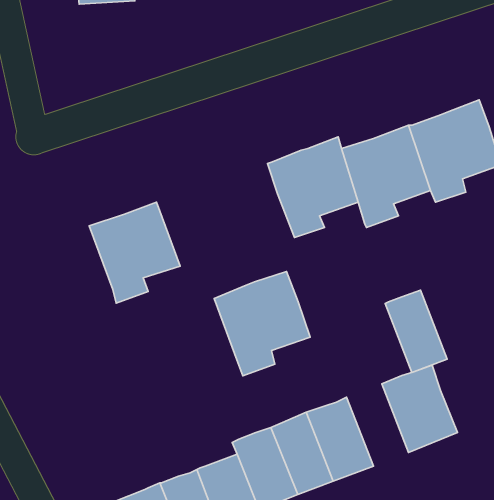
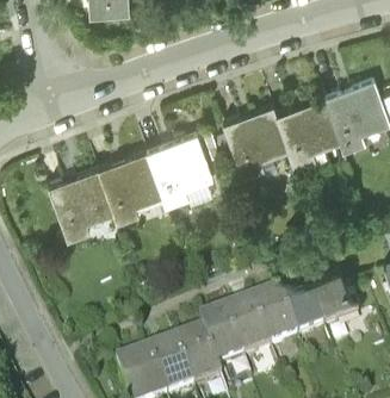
building: none -> [47,169,112,241]
building: [214,272,310,376] -> [143,133,211,207]
building: [385,290,447,372] -> [278,281,322,340]

